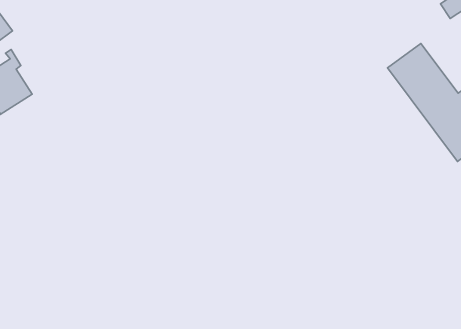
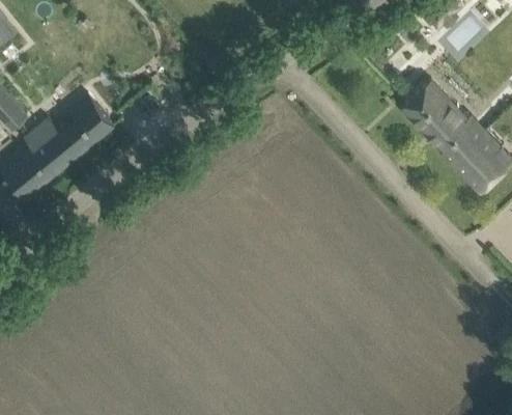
building: none -> [29,94,114,175]

